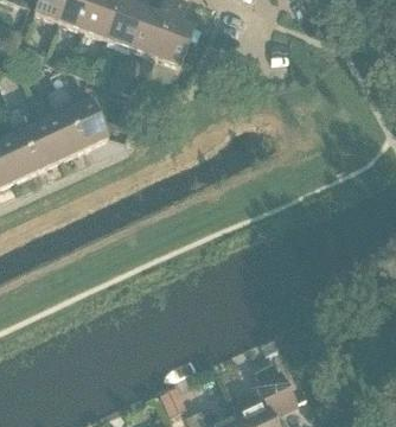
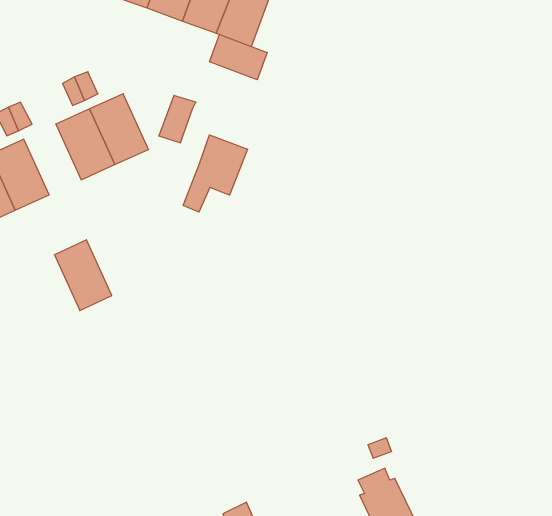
building: none -> [209,34,267,80]
building: [19,120,59,170] -> [54,240,112,311]
building: none -> [183,135,248,212]

